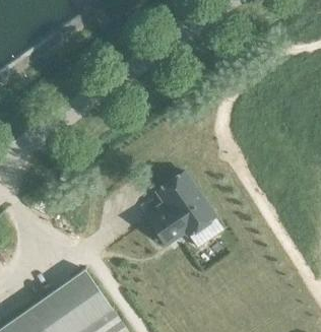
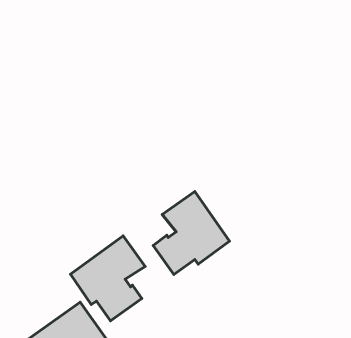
building: none -> [70,236,145,321]

